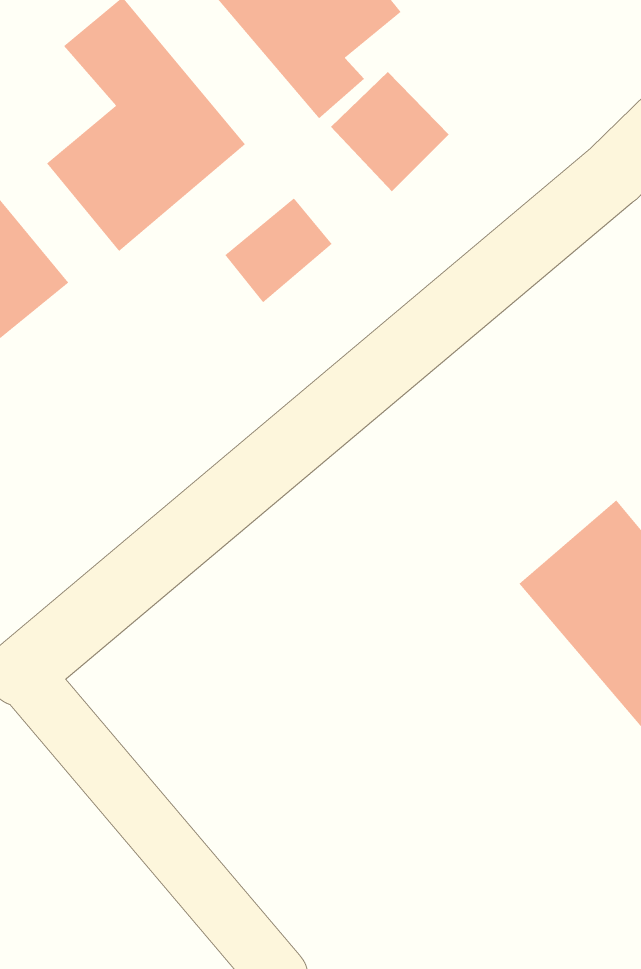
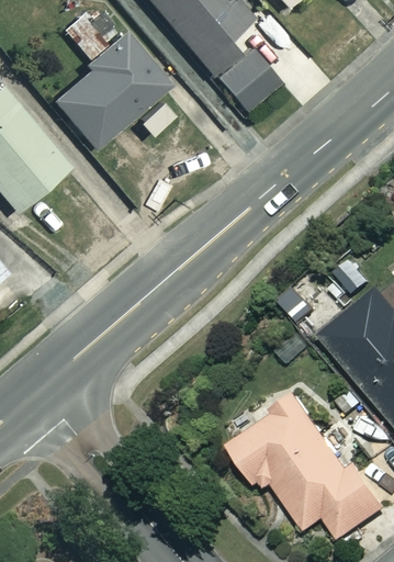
building: [225,197,333,303] -> none
building: none -> [228,394,382,539]

